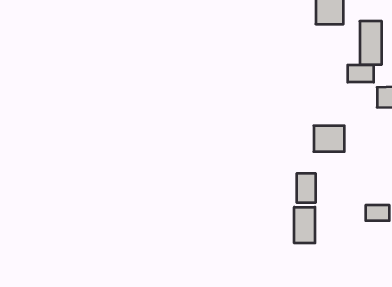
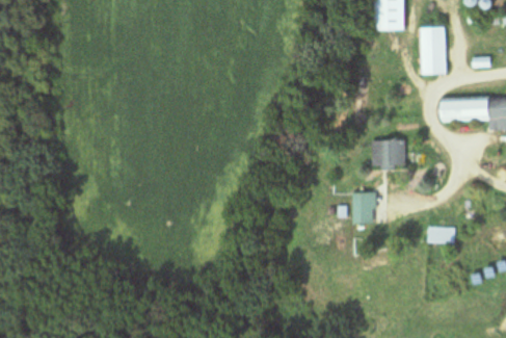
building: [348,65,374,82] -> none
building: [294,207,315,243] -> none

